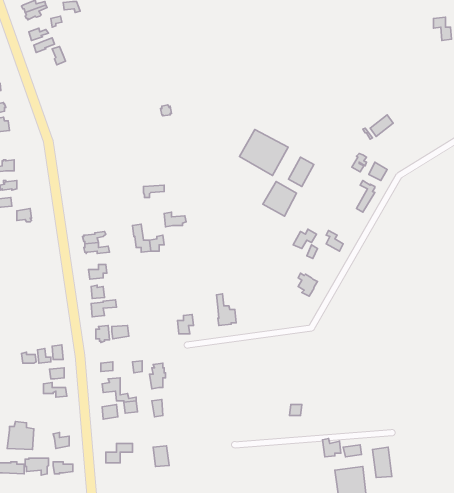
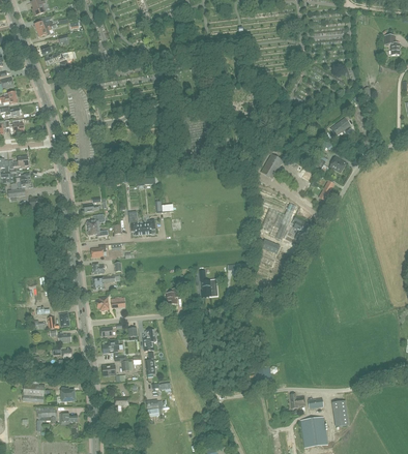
building: [240,129,288,175] -> none
building: [263,182,297,216] -> none

